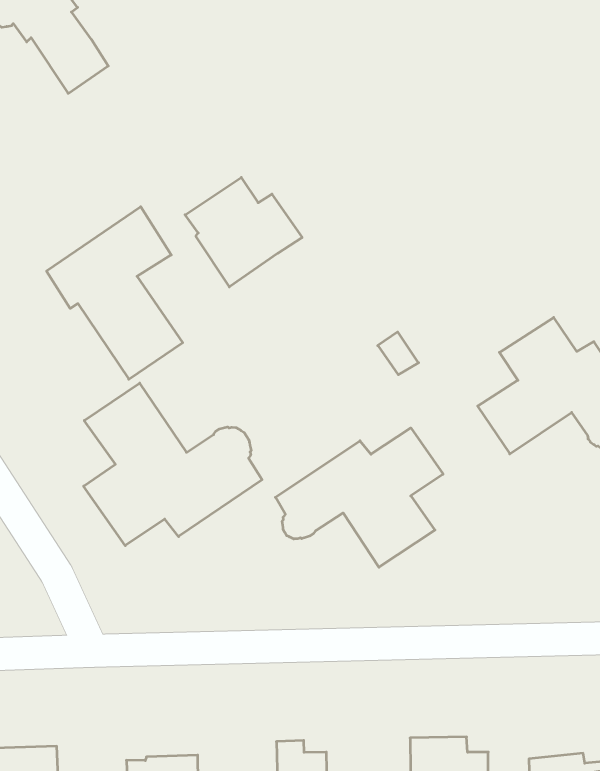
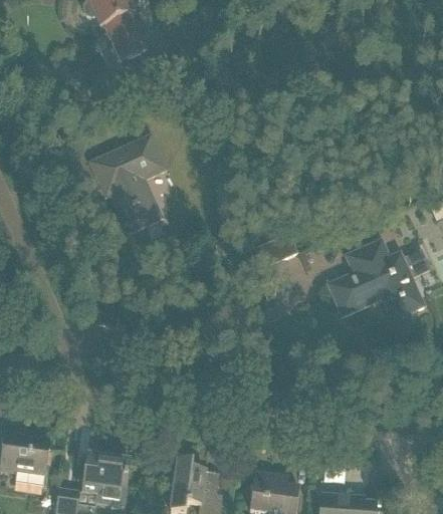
building: [185,177,302,287] -> none
building: [84,383,262,546] -> none
building: [275,428,443,567] -> none

